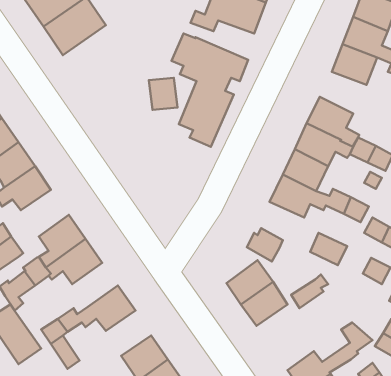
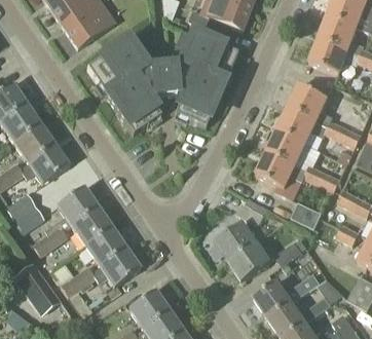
building: none -> [87,34,157,134]
building: none -> [86,227,125,265]
building: none -> [248,273,320,319]

